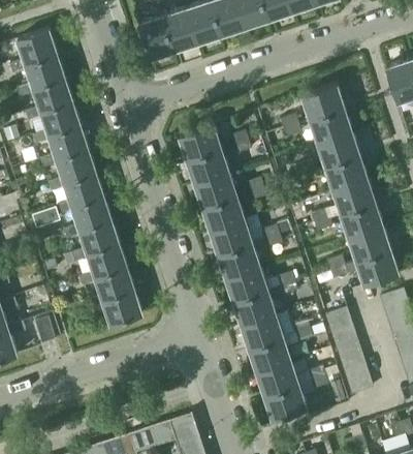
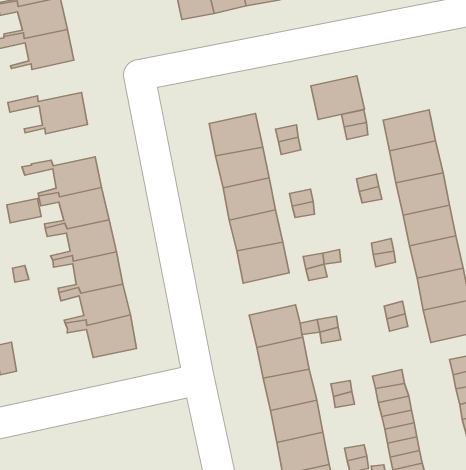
building: [303,85,345,121] -> [311,76,364,119]
building: [25,100,81,138] -> none
building: [41,148,96,182] -> none
building: [218,244,259,279] -> none

